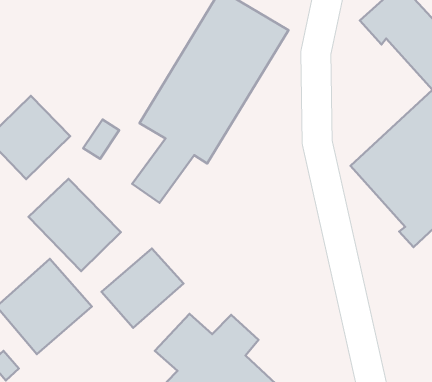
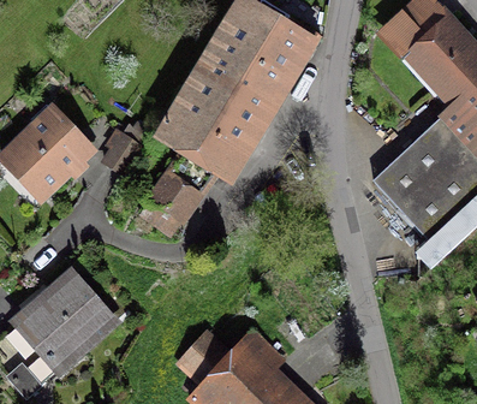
building: [28,179,121,271] -> none
building: [101,248,184,328] -> none

